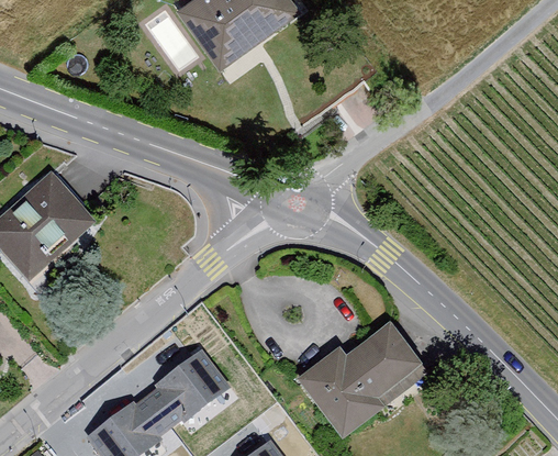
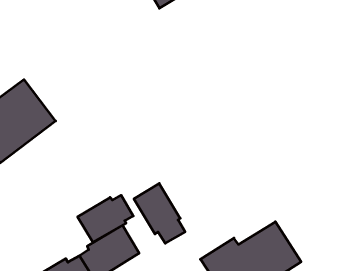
building: none -> [134,183,185,243]
building: none -> [78,195,133,242]

